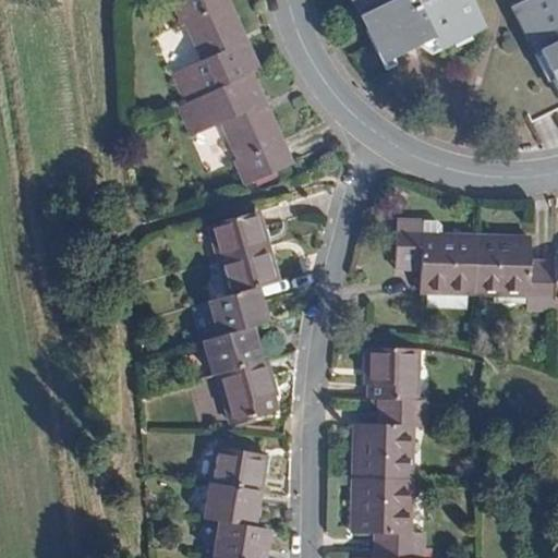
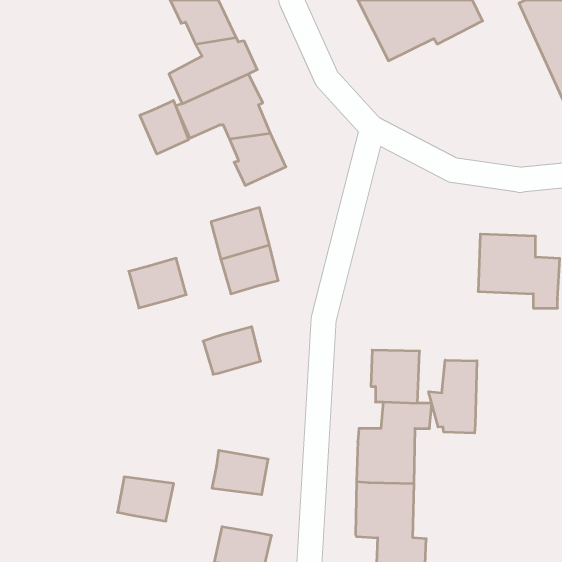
building: none -> [140,100,188,154]
building: [396,216,476,290] -> none
building: [209,284,266,333] -> [129,258,186,308]
building: [218,356,275,418] -> none
building: none -> [429,360,477,433]
building: [205,484,260,527] -> [117,477,174,521]

